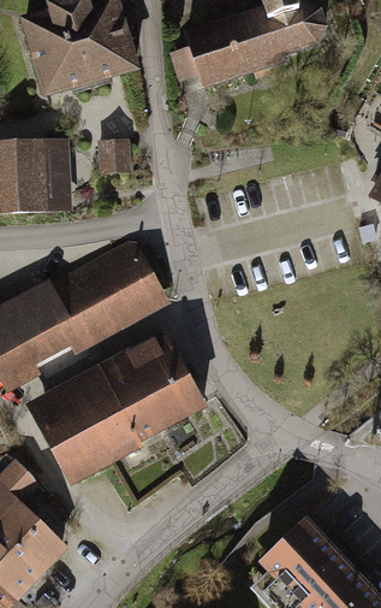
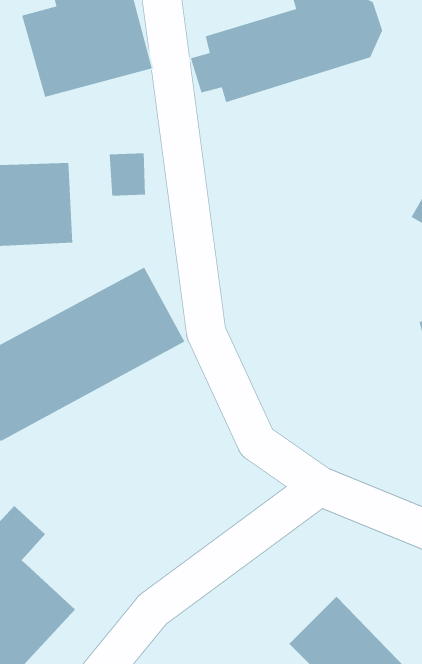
building: [26,329,208,483] -> none

